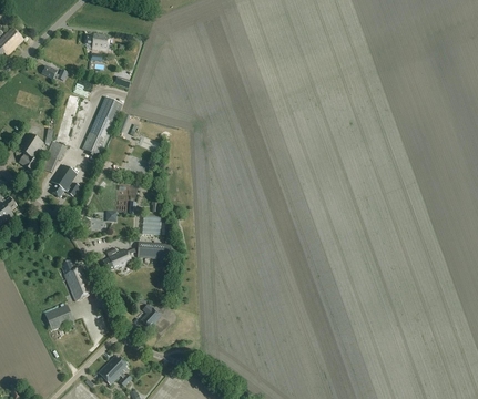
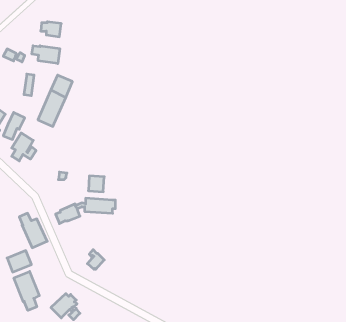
building: none -> [32,46,60,64]
building: none -> [14,271,39,310]

